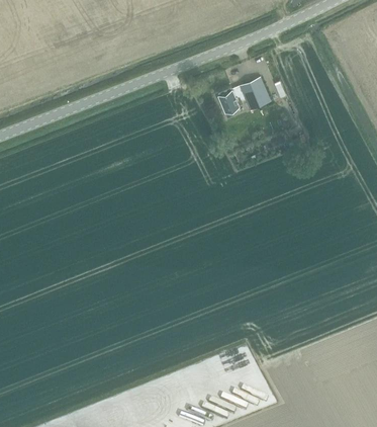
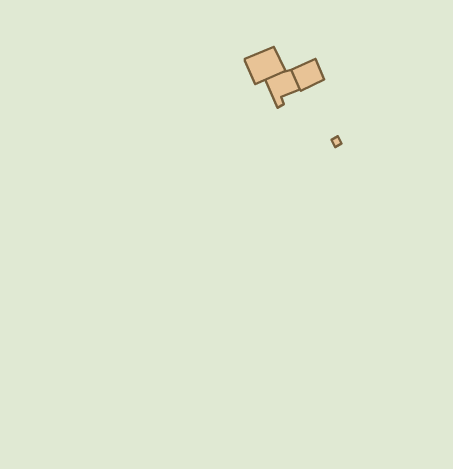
building: none -> [245,47,285,84]

